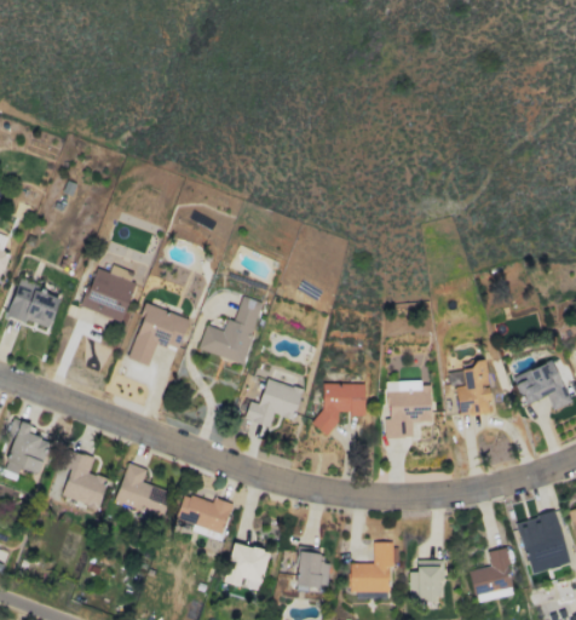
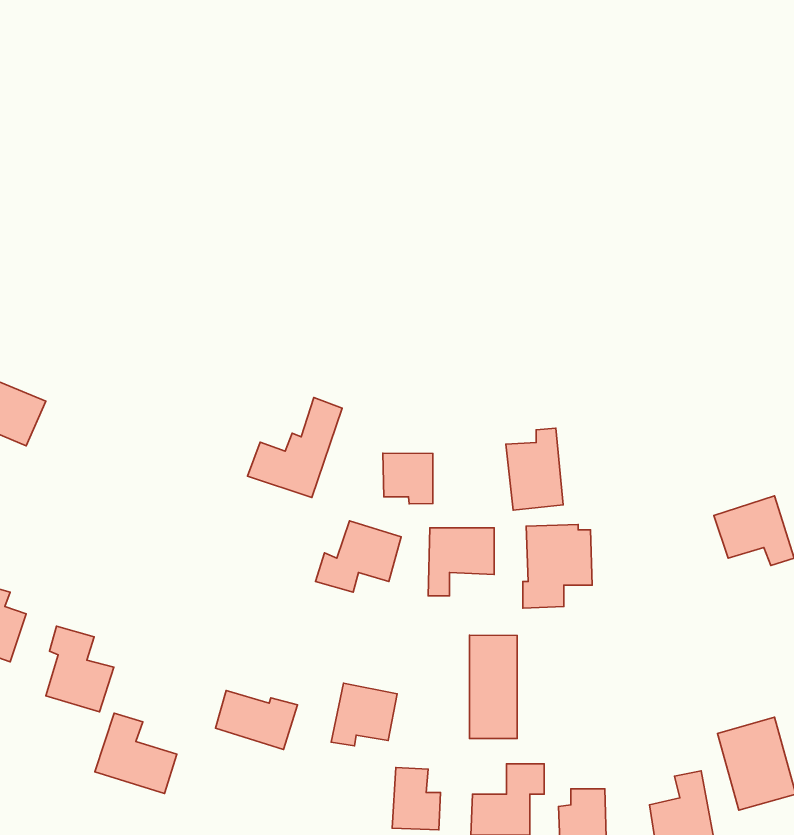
building: [82,266,137,321] -> none
building: [128,304,190,366] -> none
building: none -> [383,453,433,504]
building: [453,361,491,417] -> [506,428,563,510]
building: none -> [469,635,517,739]
building: [115,464,171,518] -> [95,713,177,793]
building: [224,544,269,586] -> [331,683,397,746]

